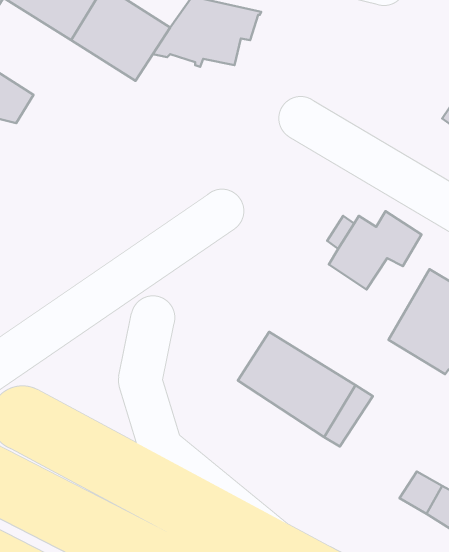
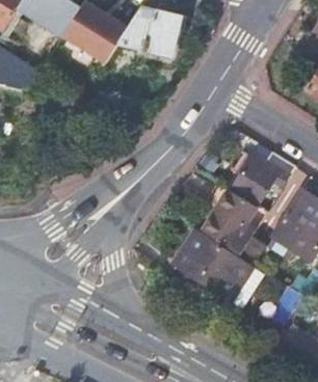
building: none -> [204,189,260,253]

